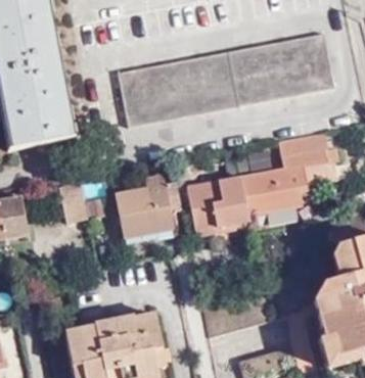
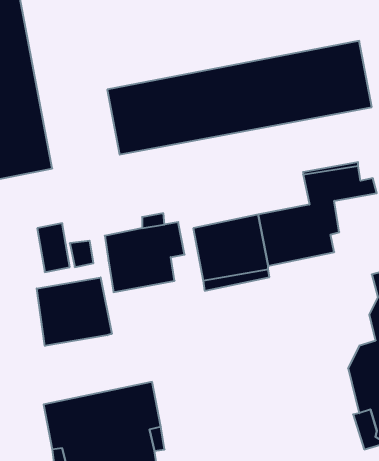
building: none -> [37,277,112,346]

